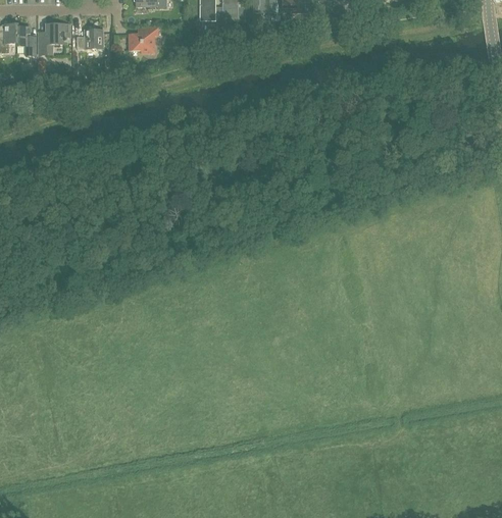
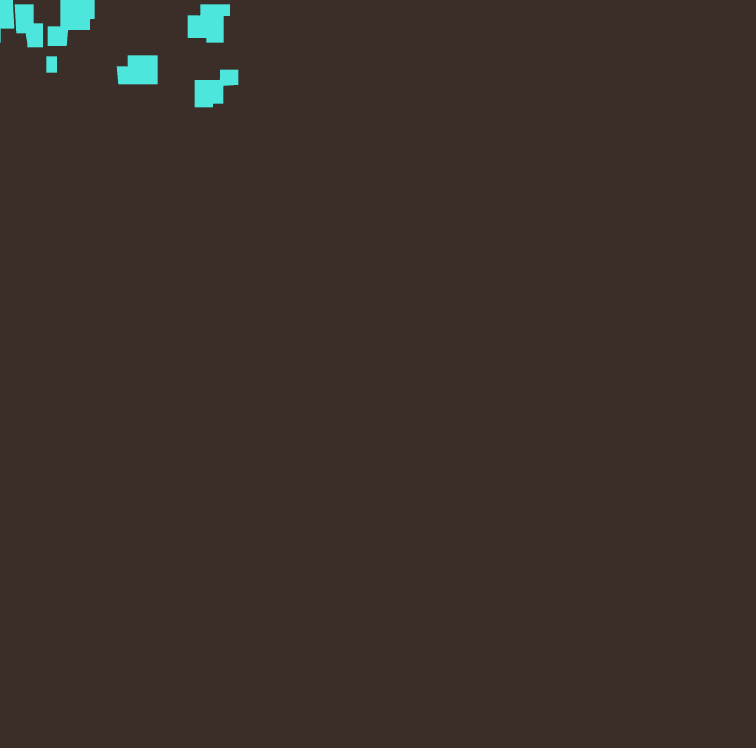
building: [77,28,104,47] -> [116,55,158,85]
building: none -> [194,69,239,108]

